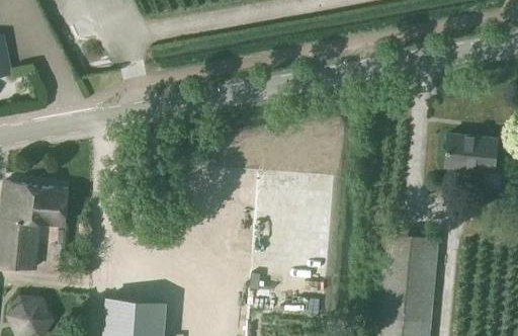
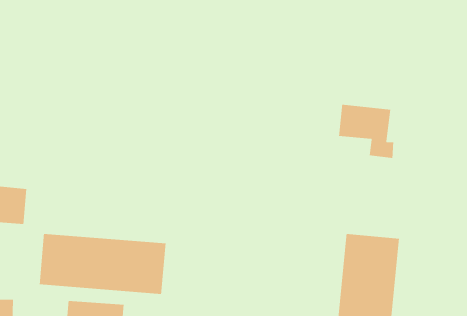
building: [445,134,501,188] -> [338,104,394,159]
building: none -> [39,233,166,295]

